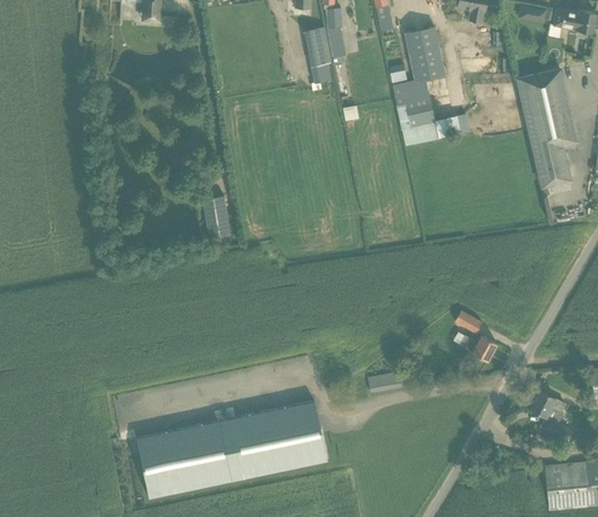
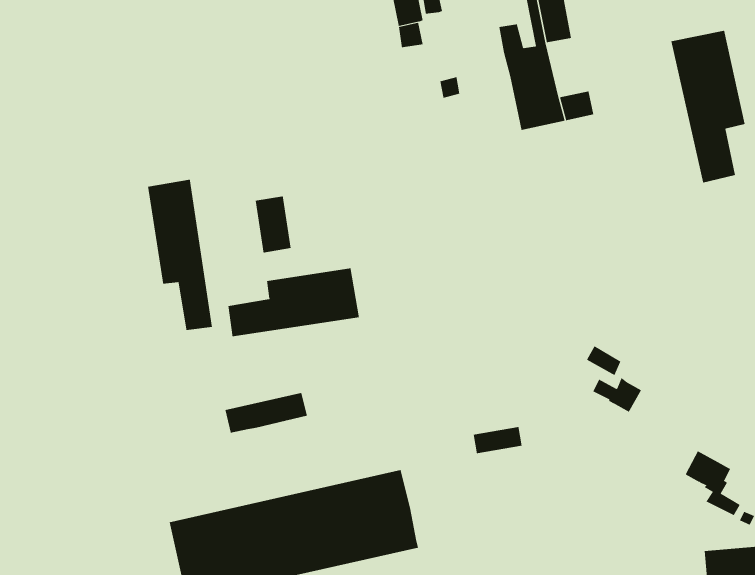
building: none -> [148,179,213,331]
building: none -> [228,267,359,337]
building: none -> [225,392,307,433]

